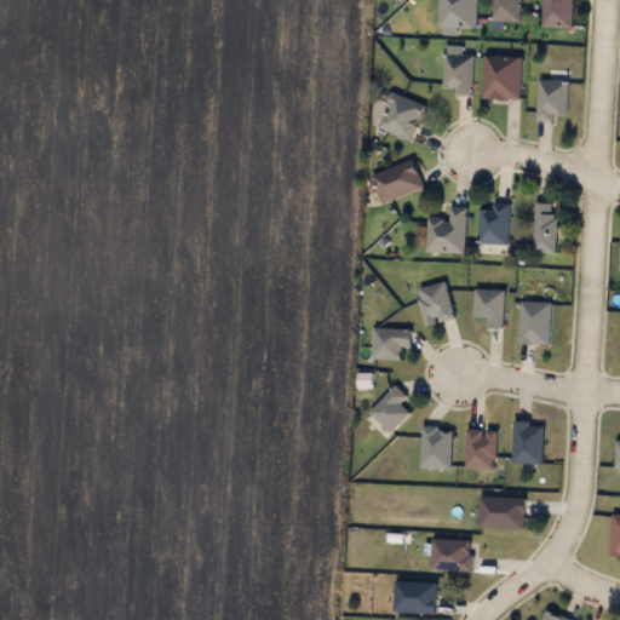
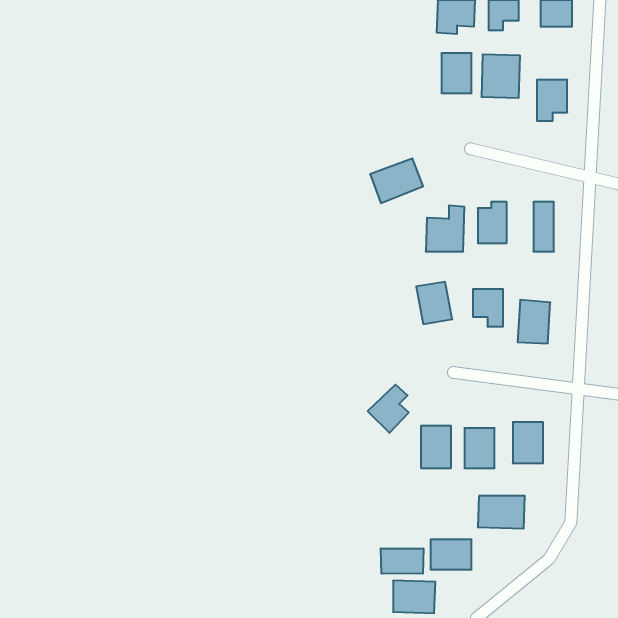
building: [375,90,426,140] -> none
building: [372,329,412,360] -> none
building: none -> [381,548,423,574]

